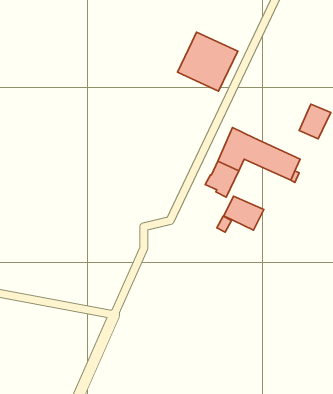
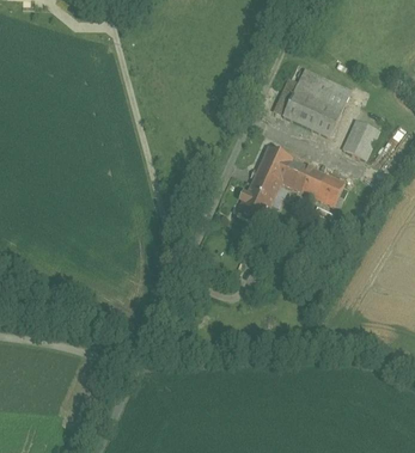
building: [177,32,238,91] -> [282,68,350,135]
building: [224,196,264,230] -> none

